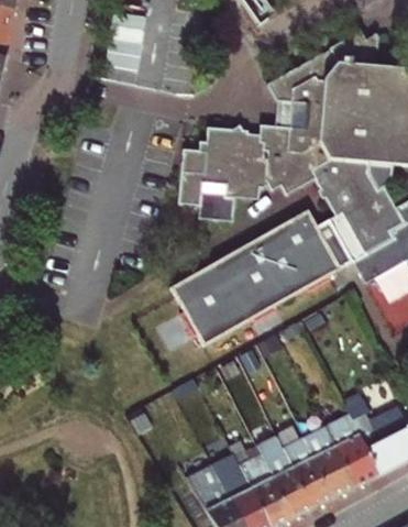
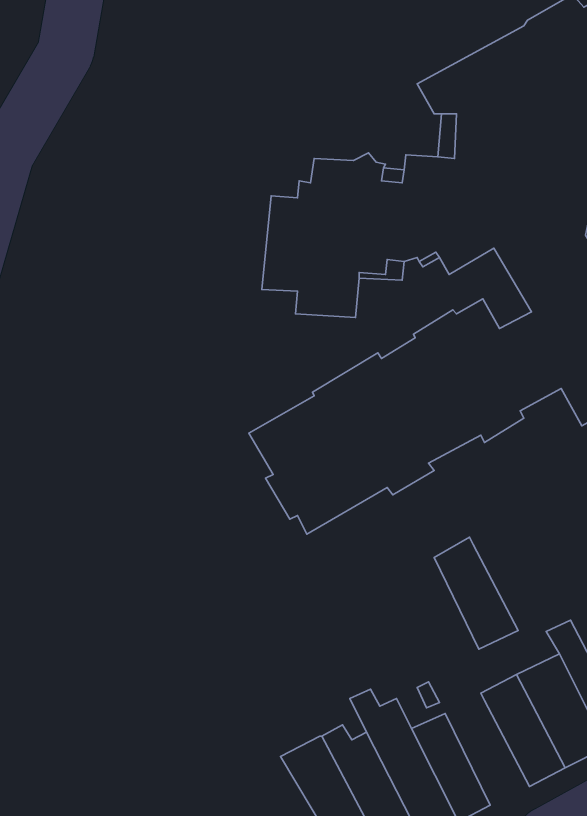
building: [284,441,333,507] -> [434,537,518,649]

